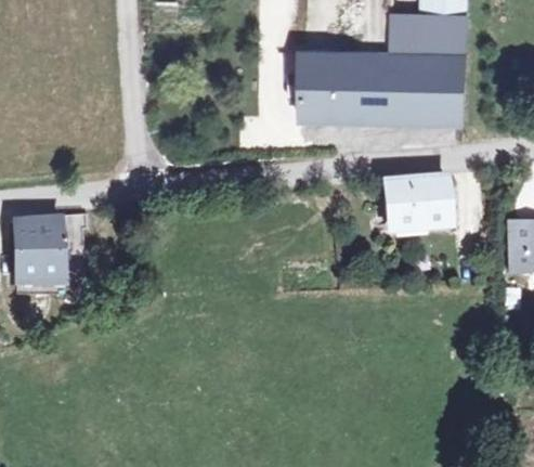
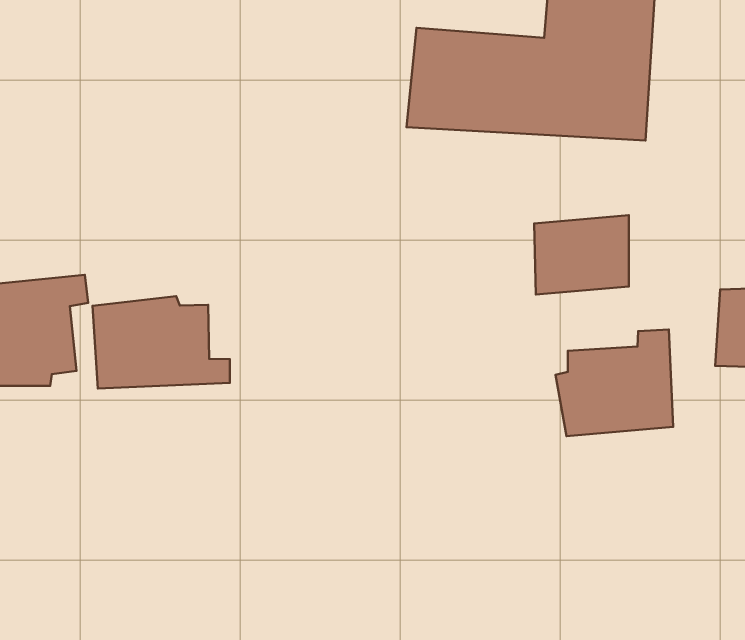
building: none -> [92,296,230,388]
building: none -> [556,330,673,436]

